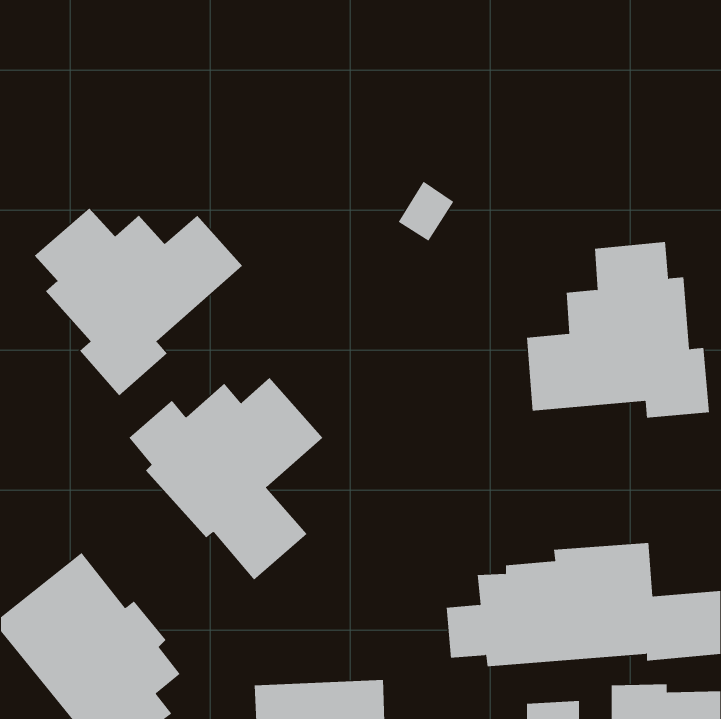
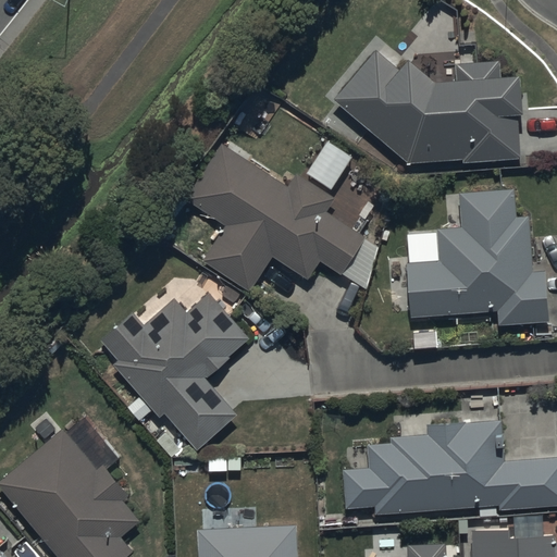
building: none -> [332,49,521,163]
building: none -> [184,144,364,292]
building: [34,208,243,396] -> none

